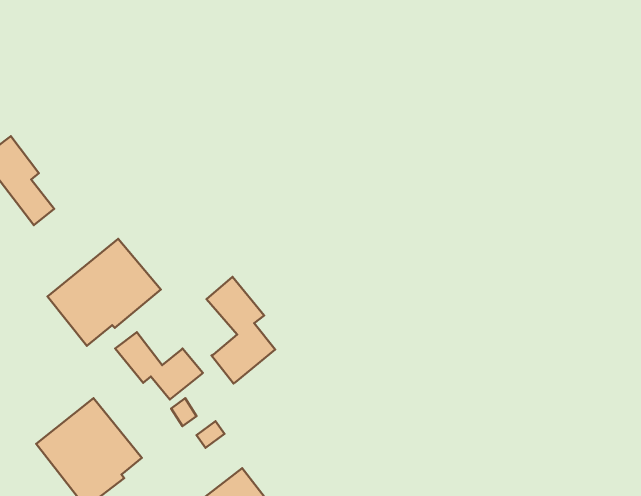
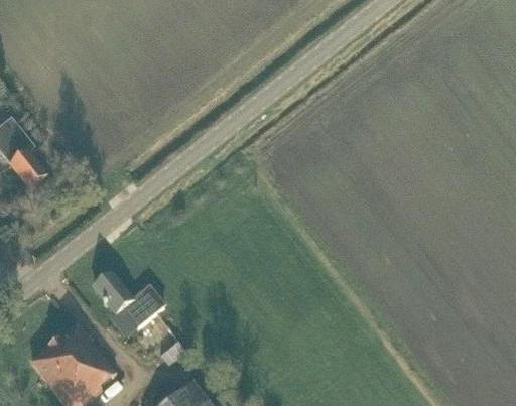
building: [47,239,161,346] -> none
building: [207,277,275,384] -> none

